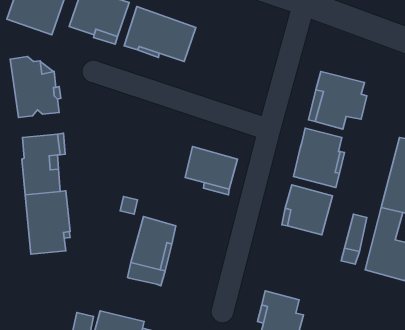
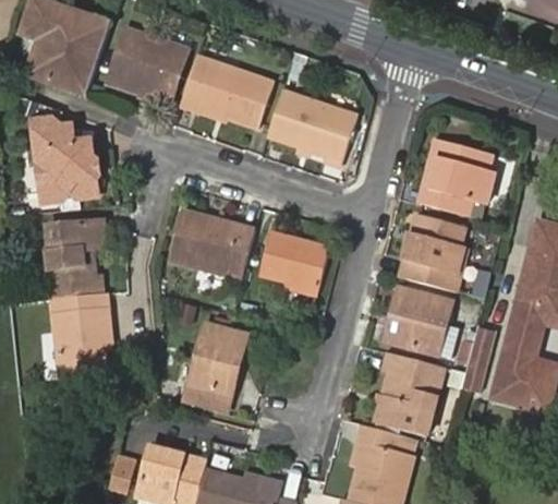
building: none -> [266,87,353,157]
building: none -> [166,214,253,283]
building: none -> [375,350,444,433]

